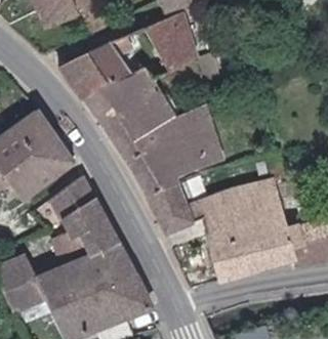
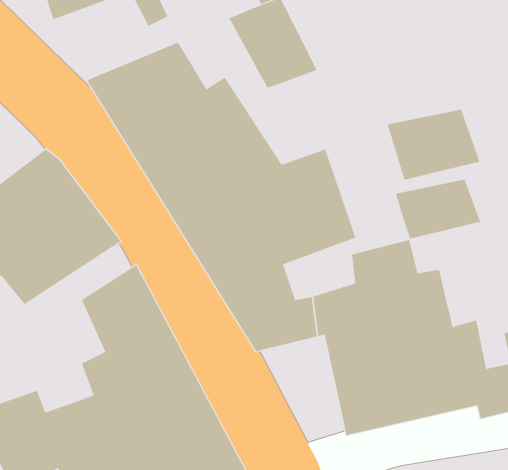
building: none -> [387,109,480,180]
building: none -> [395,179,481,239]

